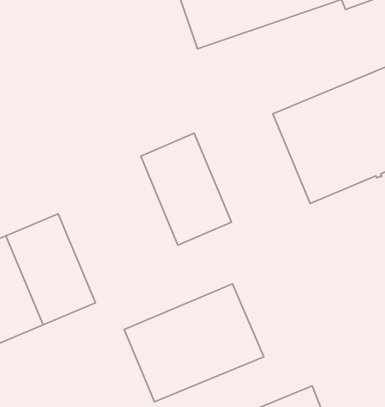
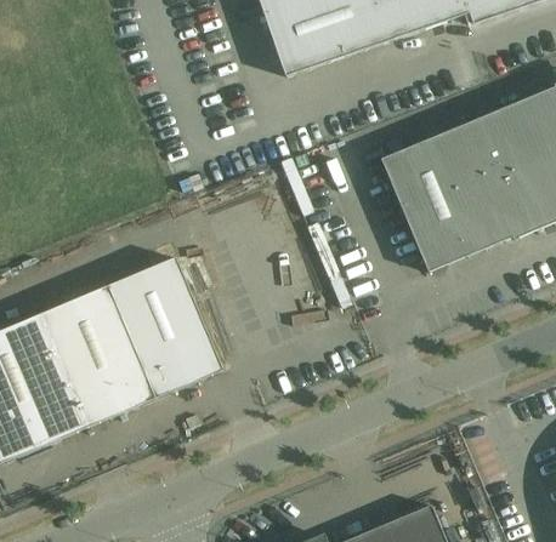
building: [141,133,231,245] -> [108,256,223,398]
building: [124,284,264,402] -> none

